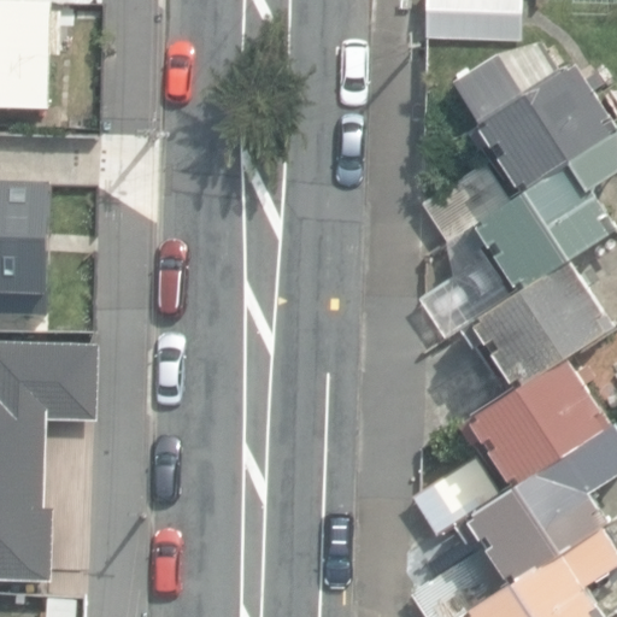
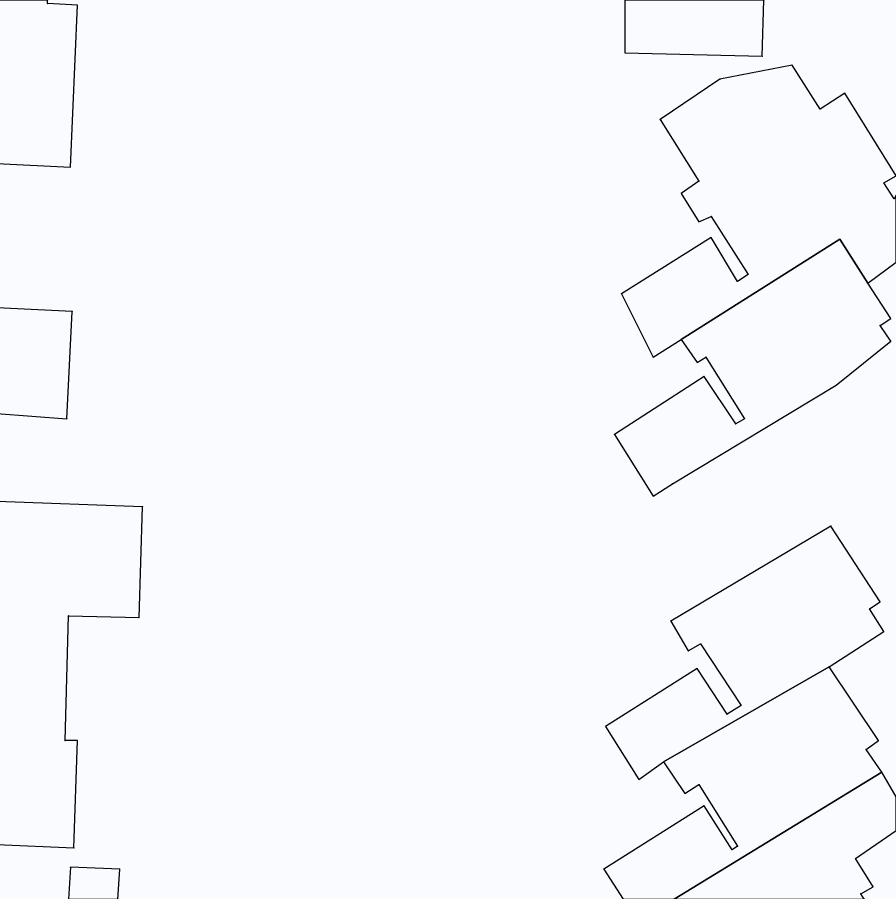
building: [419,264,606,435] -> none

